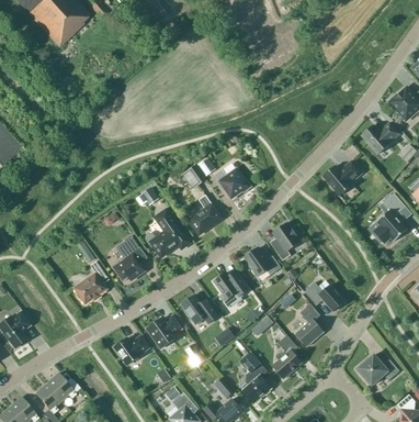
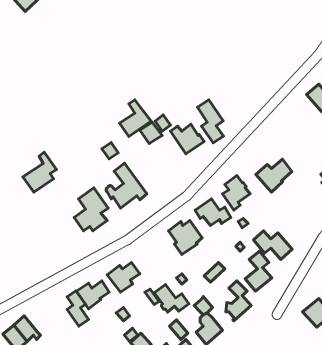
building: none -> [197,100,223,143]
building: [324,159,362,195] -> [256,159,292,192]
building: [189,195,223,234] -> [119,100,151,137]
building: [73,260,110,303] -> [23,152,56,192]
building: [182,295,219,324] -> [154,285,189,312]
building: none -> [67,291,88,326]

